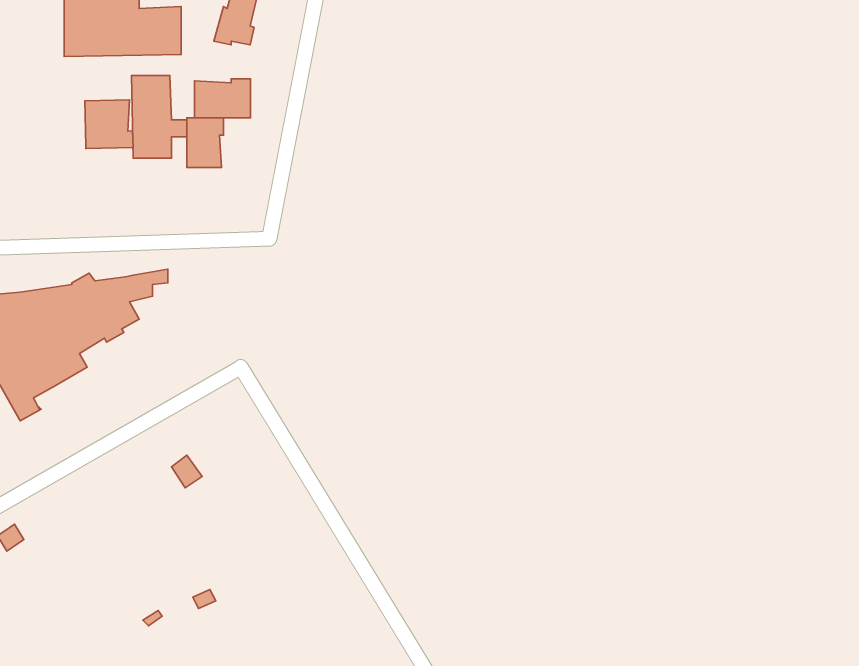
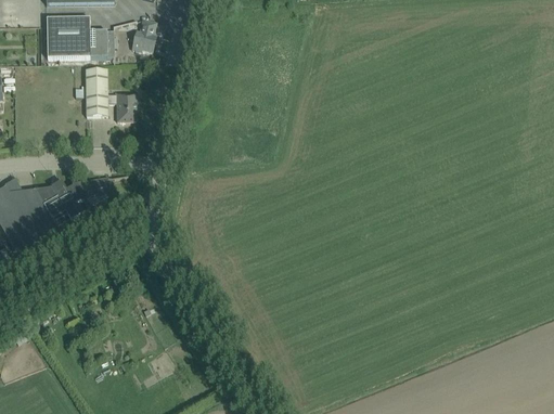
building: [194,79,250,118] -> none
building: [85,100,133,148] -> none

